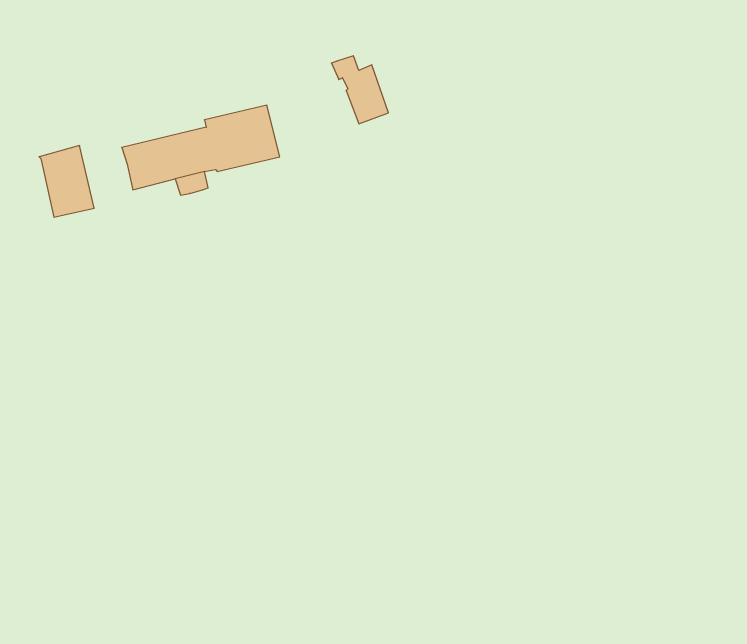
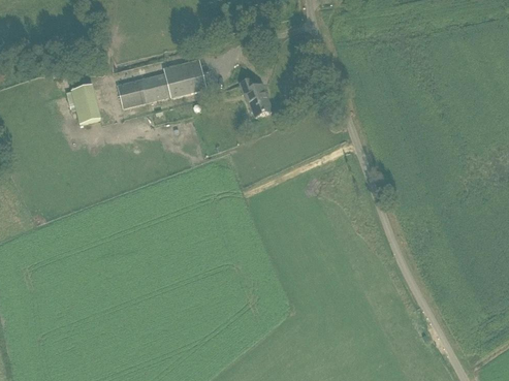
building: [331,56,388,124] -> [238,78,271,117]

